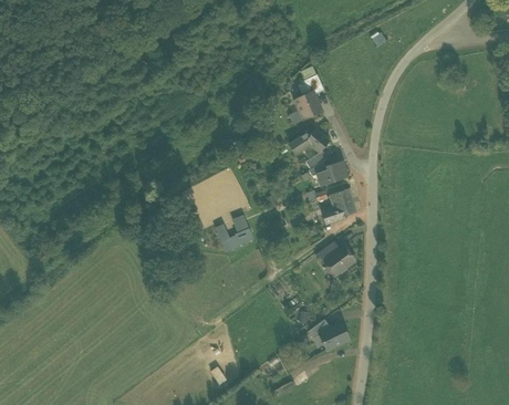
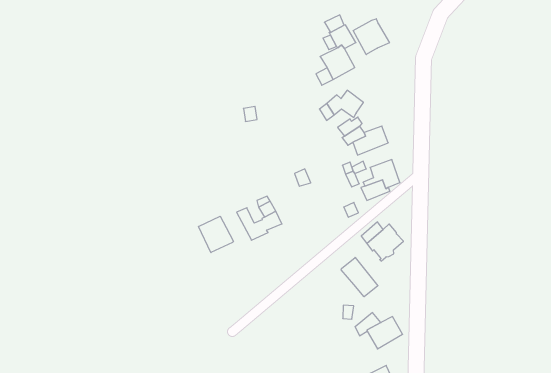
building: none -> [353,19,389,55]
building: none -> [199,216,233,253]
building: none -> [341,257,378,297]

